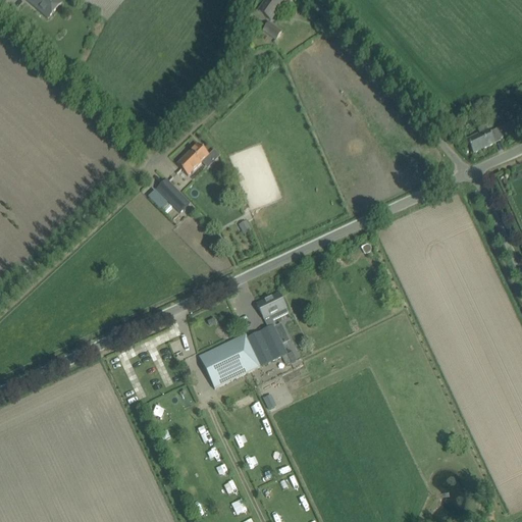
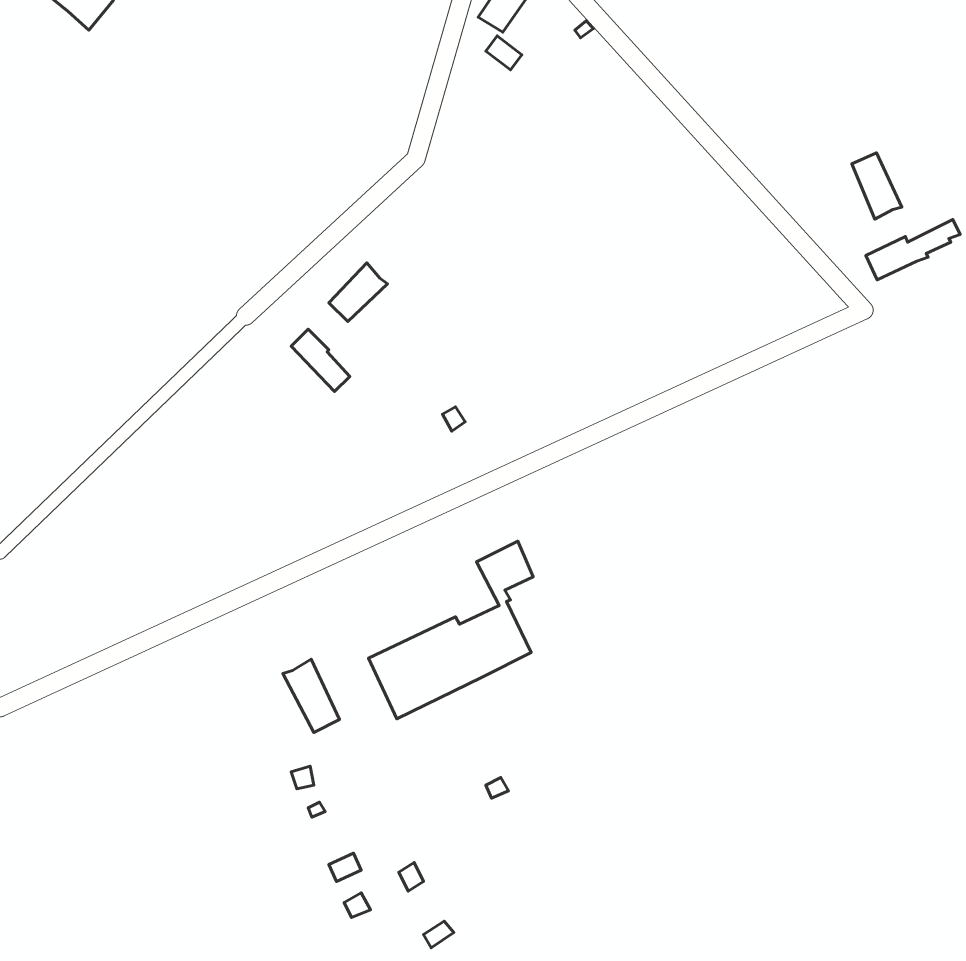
building: none -> [852,153,902,219]
building: none -> [283,659,340,732]

